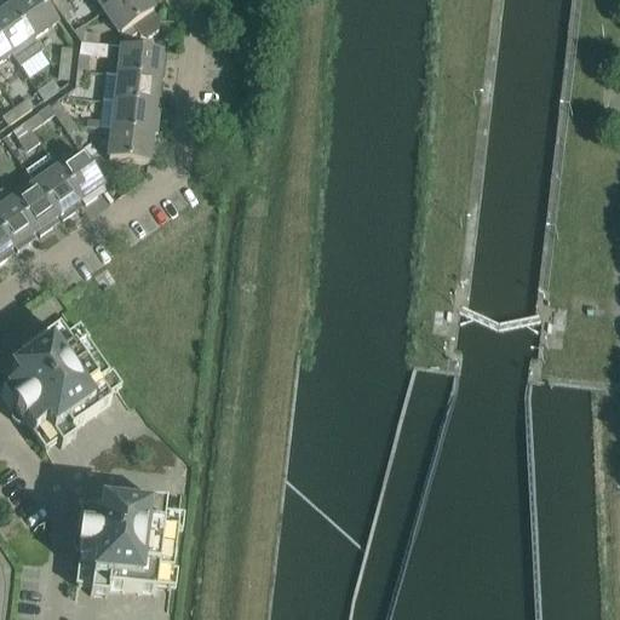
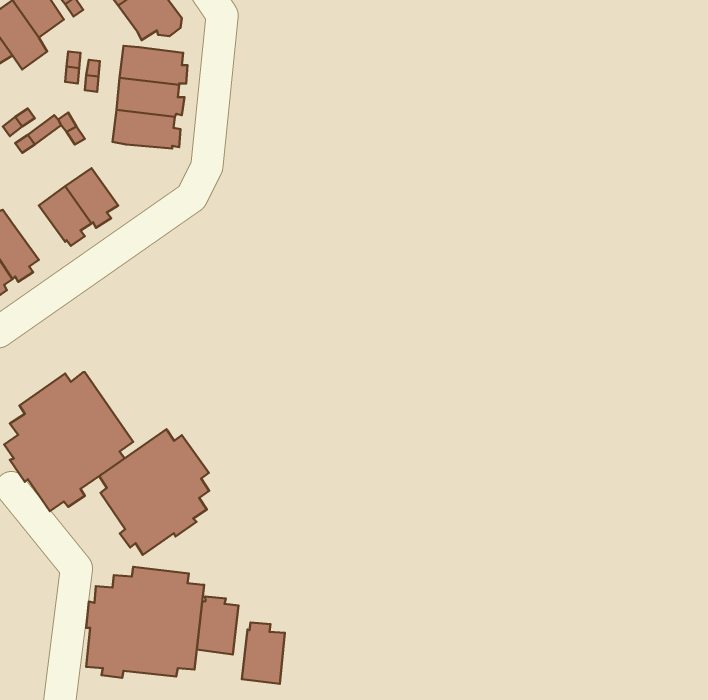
building: [108,126,150,157] -> none
building: [11,179,57,230] -> none
building: none -> [99,429,209,555]
building: none -> [197,597,239,655]
building: none -> [242,622,285,684]

